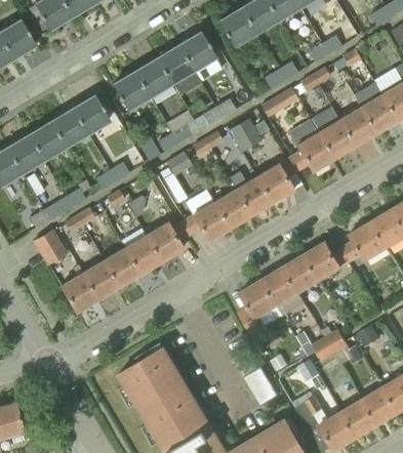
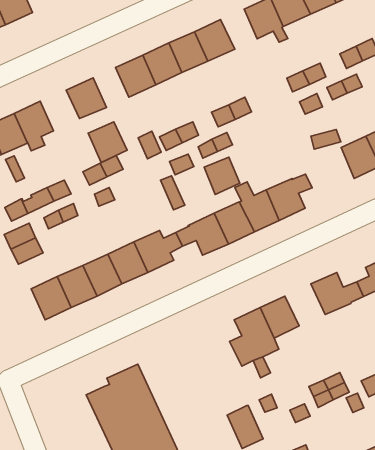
building: [50,110,86,147] -> [88,122,127,163]
building: [229,119,261,153] -> [204,157,240,194]
building: [289,133,332,171] -> none
building: [283,255,320,293] -> none

